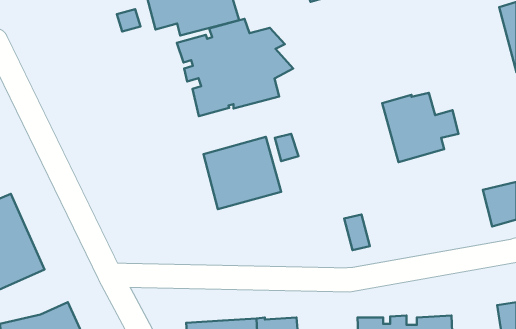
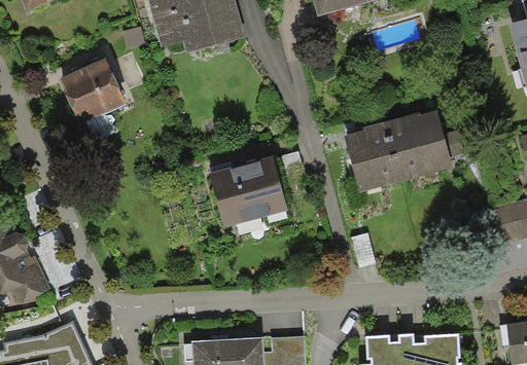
building: [177,19,293,116] -> none
building: none -> [59,57,126,123]
building: none -> [343,120,406,192]

